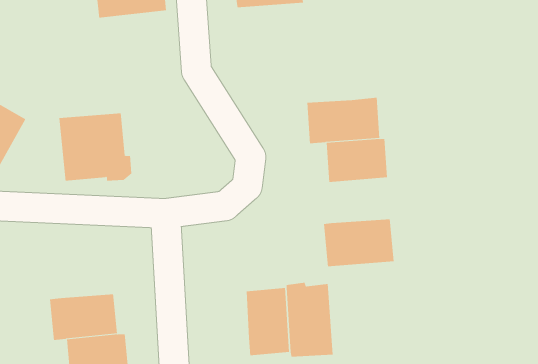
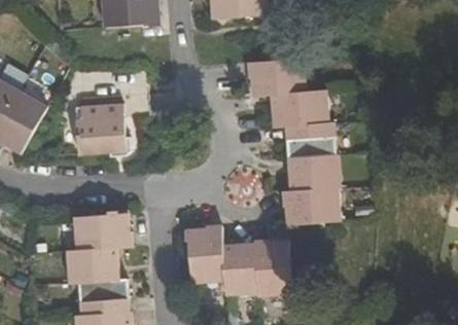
building: none -> [248,58,306,96]
building: none -> [287,153,337,189]
building: none -> [72,211,133,249]
building: none -> [186,225,223,284]

